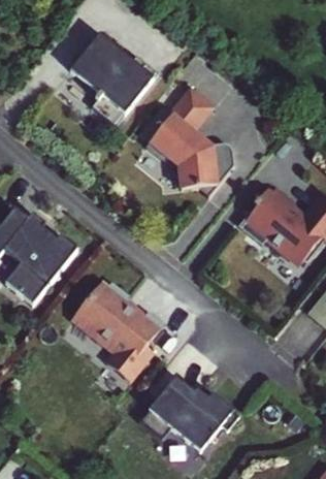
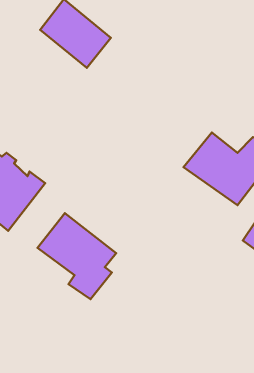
building: [148,87,220,193] -> none
building: [150,376,234,450] -> none

